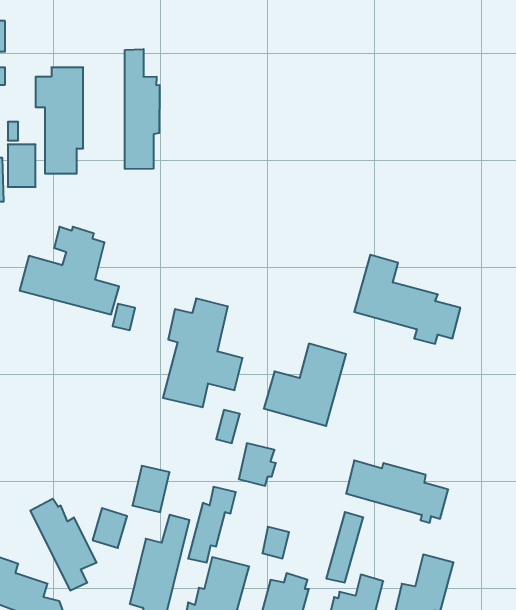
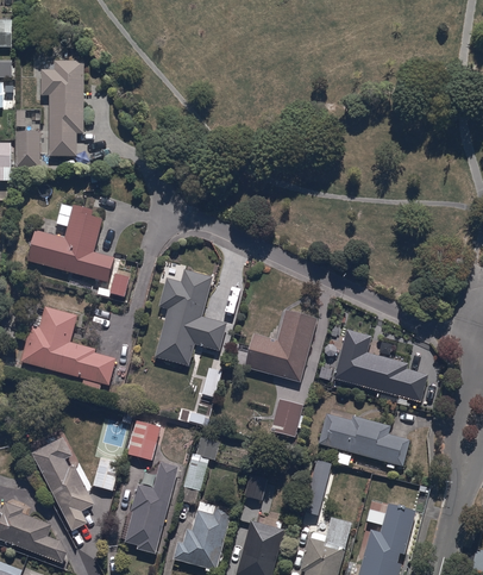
building: [125,49,160,169] -> none
building: [354,255,460,344] -> [332,327,427,407]
building: none -> [19,306,115,390]
building: [239,443,276,486] -> [270,399,303,437]

